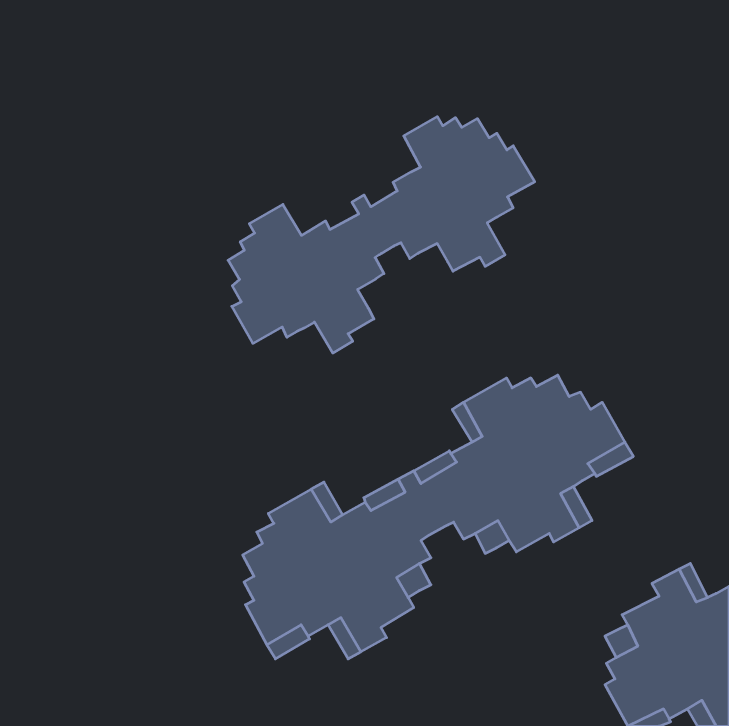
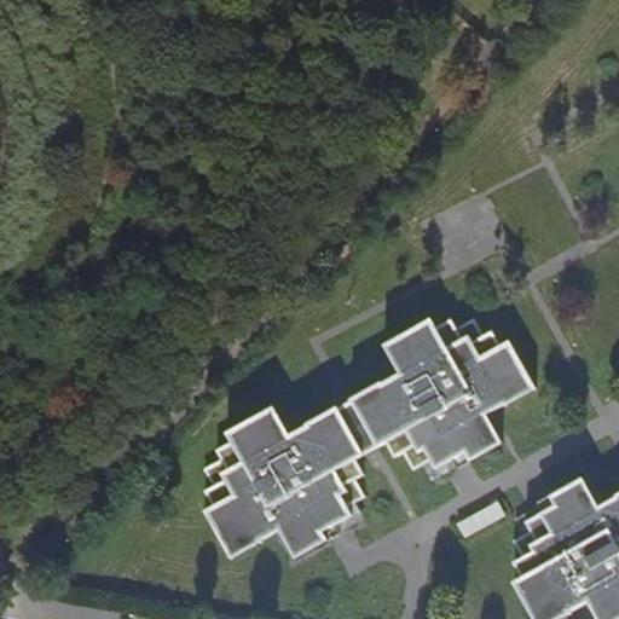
building: [228,117,535,353] -> none

